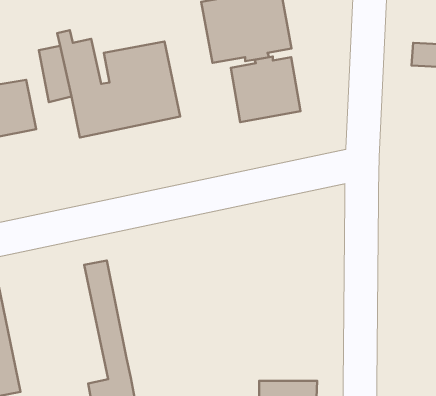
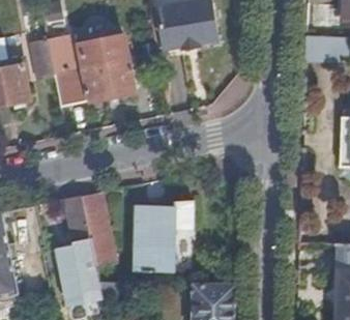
building: [231,56,301,122] -> none
building: none -> [80,191,115,266]
building: none -> [134,199,192,269]

